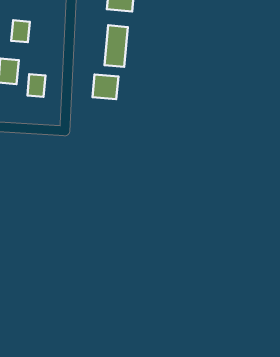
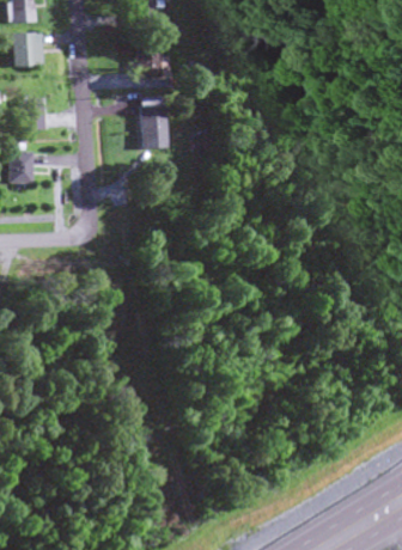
building: [27,74,45,97] -> none
building: [92,74,118,99] -> none

